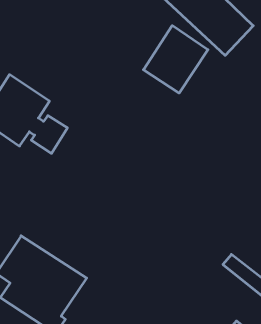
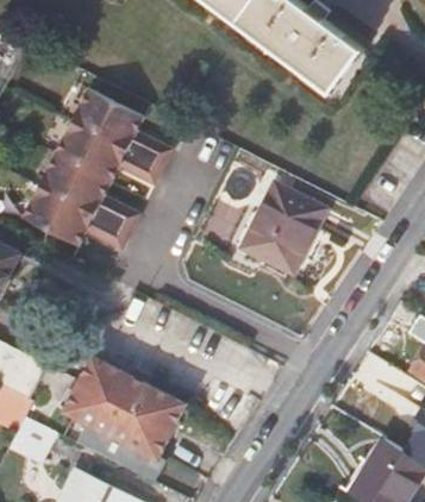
building: [143,26,208,93] -> [239,183,320,270]
building: none -> [54,88,170,184]

